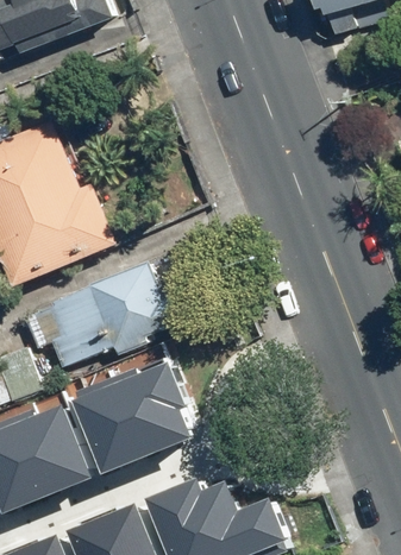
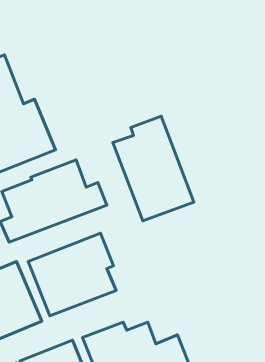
building: none -> [113,116,194,221]

